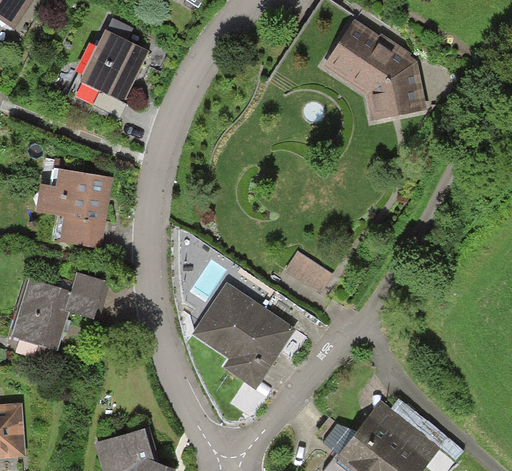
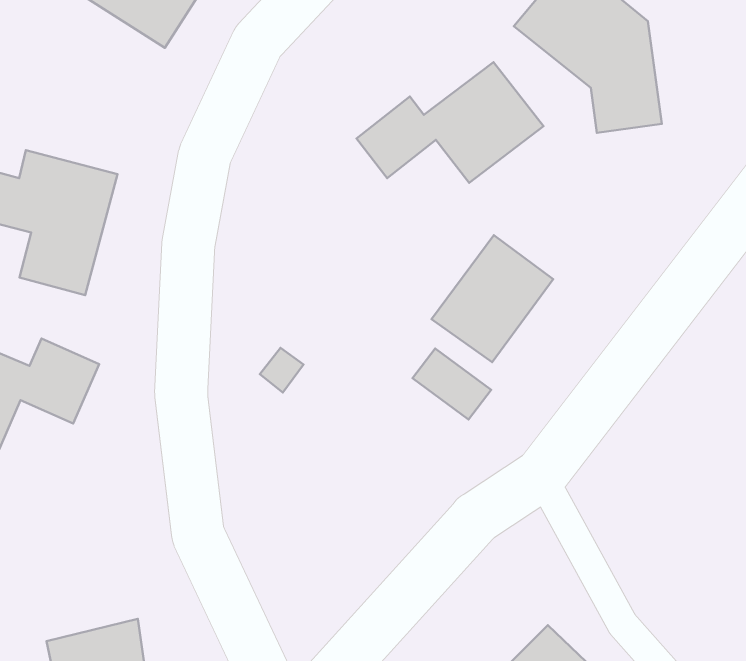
building: none -> [356,62,544,183]
building: none -> [431,235,553,362]
building: [198,295,293,393] -> none

